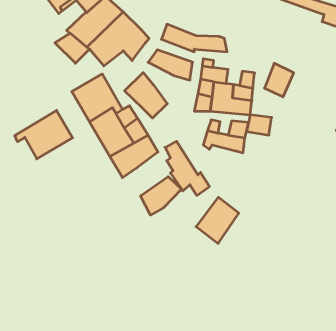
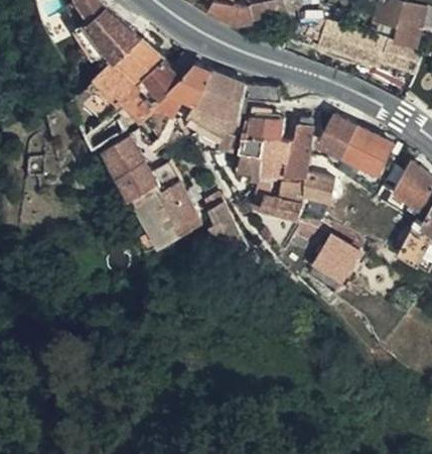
building: [125,73,167,118] -> none
building: none -> [338,126,384,168]
building: [15,110,73,159] -> none
building: [141,177,181,215] -> none
building: [196,197,239,243] -> [311,233,359,286]

